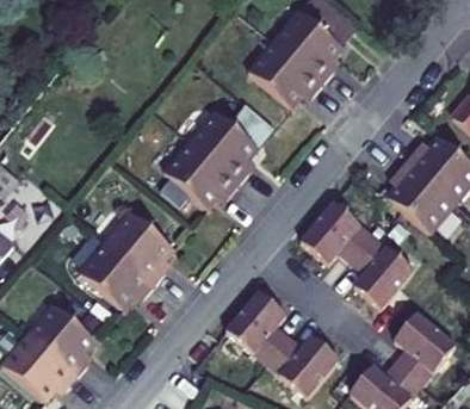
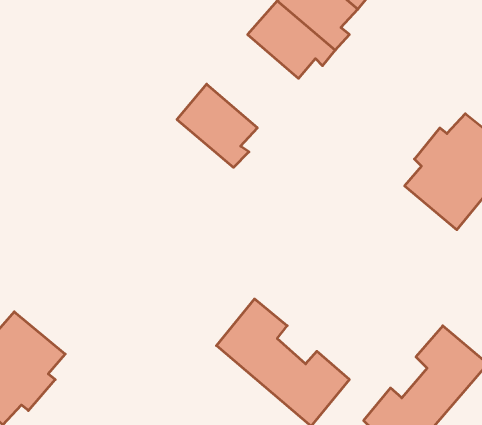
building: [167,141,240,206] -> none
building: [302,203,414,308] -> none
building: [82,211,174,305] -> none

